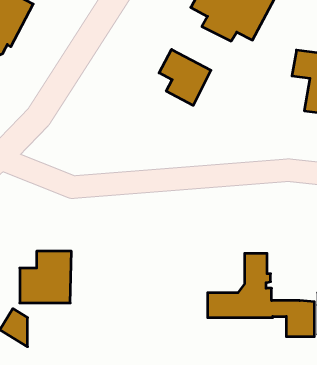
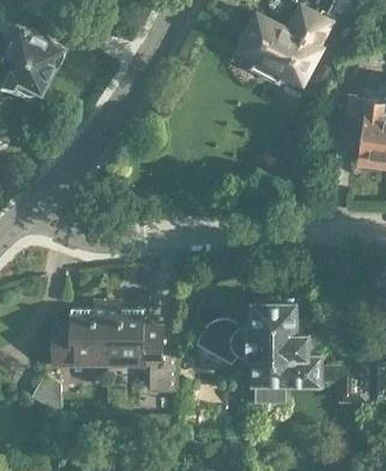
building: [159,49,211,105] -> none
building: none -> [194,303,294,368]
building: none -> [104,315,174,397]

